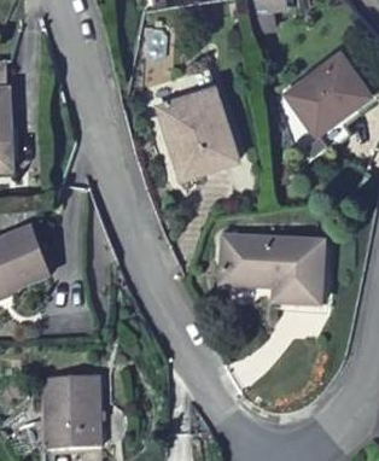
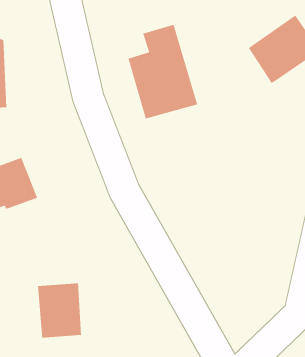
building: [209,243,320,311] -> none

